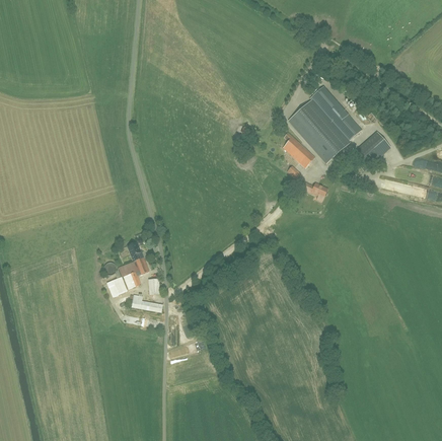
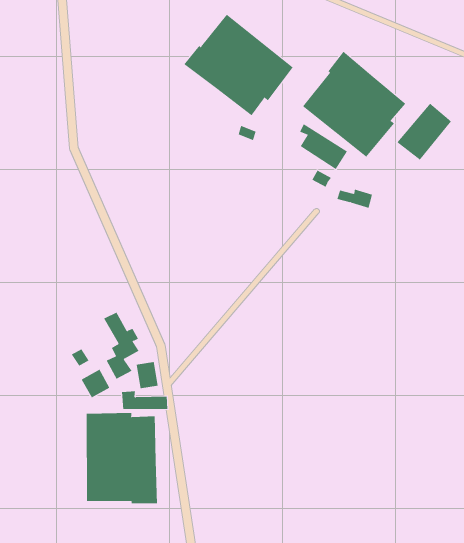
building: none -> [183,14,294,116]
building: none -> [86,412,158,504]

